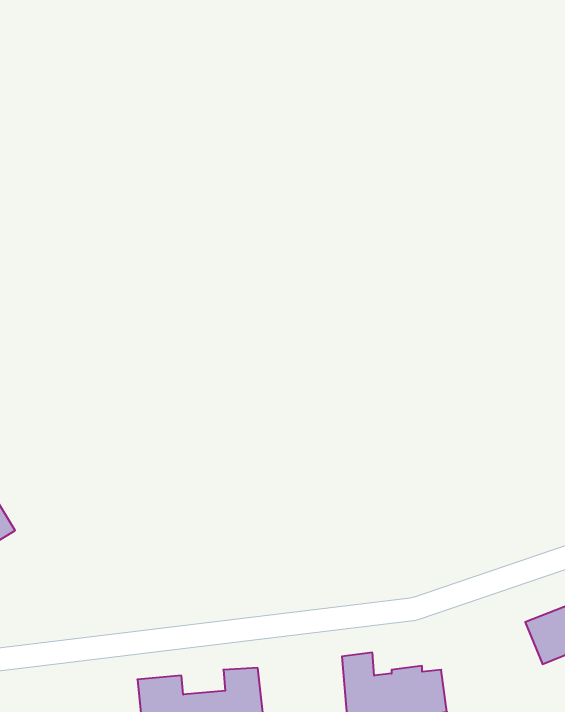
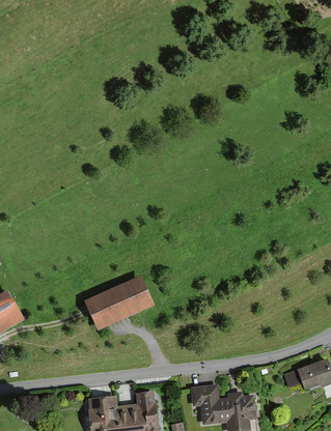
building: none -> [85,275,153,327]

